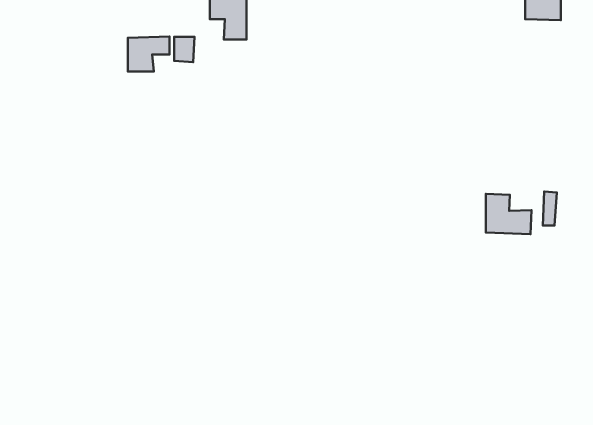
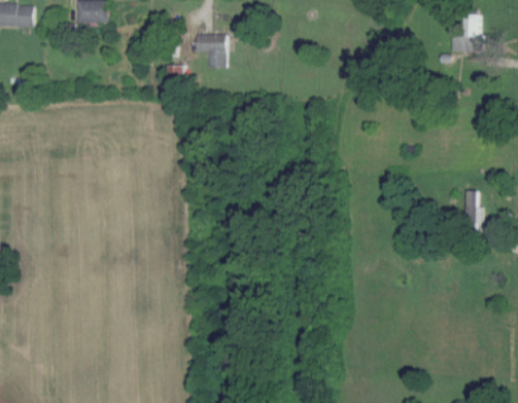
building: [128,37,170,72] -> none
building: [486,194,532,234] -> none

